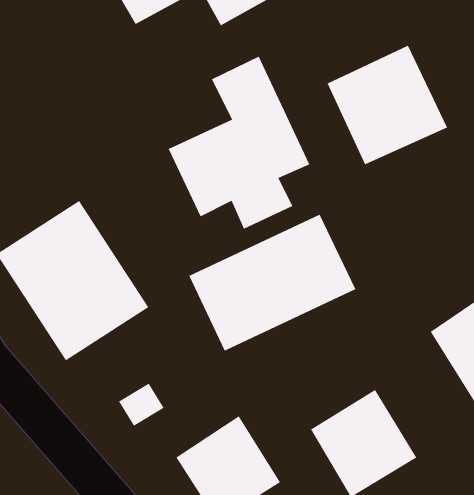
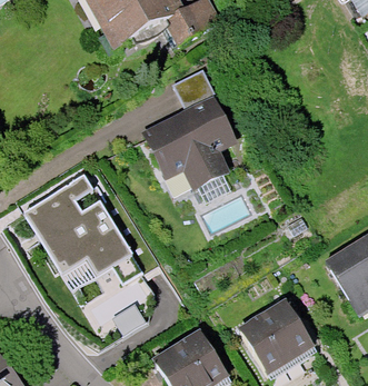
building: [327,45,448,165] -> none
building: [189,214,356,352] -> none

